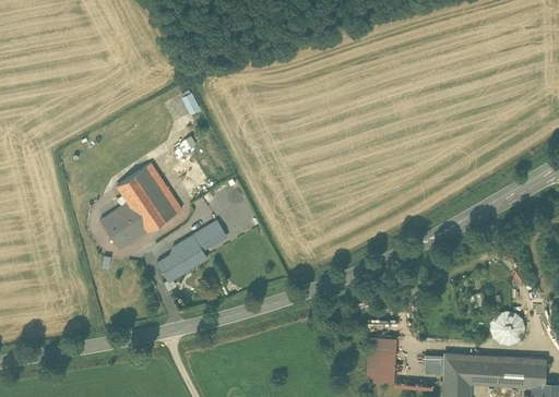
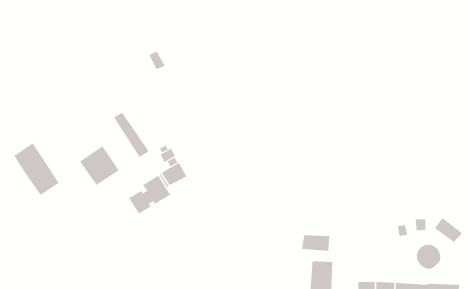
building: [117,168,170,230] -> [13,143,59,196]
building: none -> [434,217,463,243]
building: none -> [301,234,330,251]

